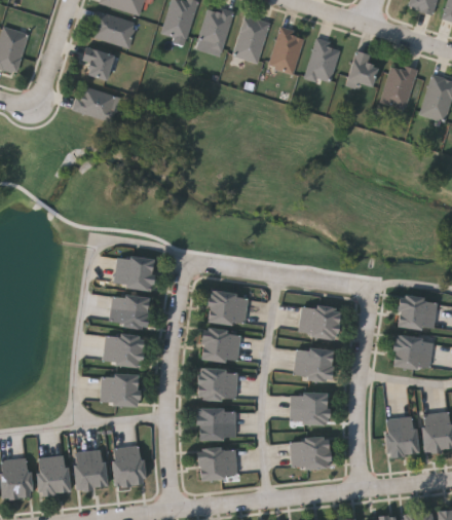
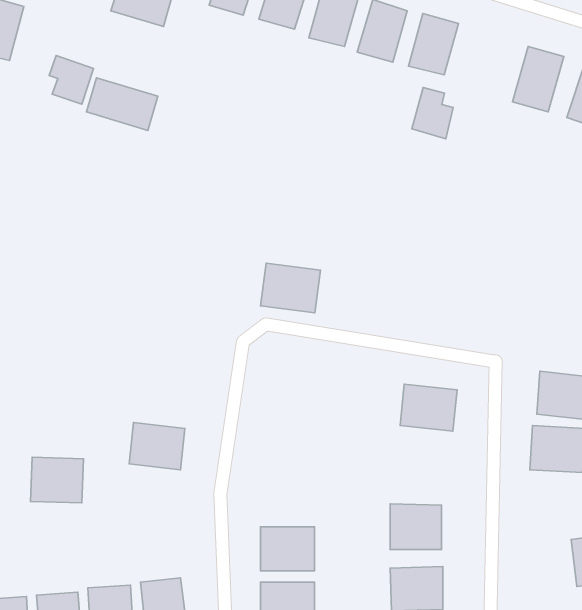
building: [82,46,114,81] -> [49,56,93,104]
building: [347,49,377,86] -> [412,87,453,139]
building: [114,255,155,291] -> none
building: [205,291,249,327] -> [261,263,320,313]
building: [111,294,150,329] -> none
building: [201,330,241,362] -> none
building: [295,347,333,380] -> none
building: [198,369,238,401] -> none
building: [102,373,140,406] -> [31,457,83,503]
building: [385,415,419,457] -> none

